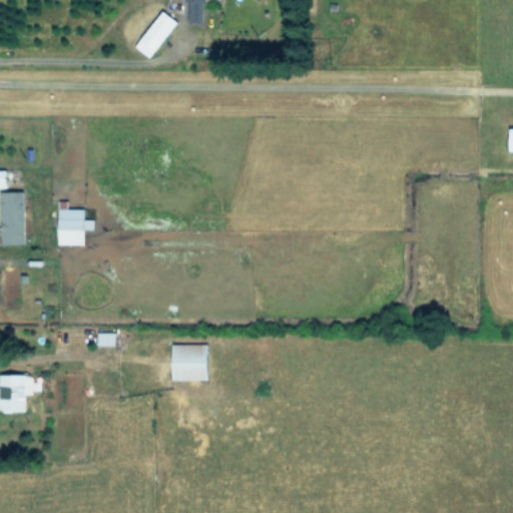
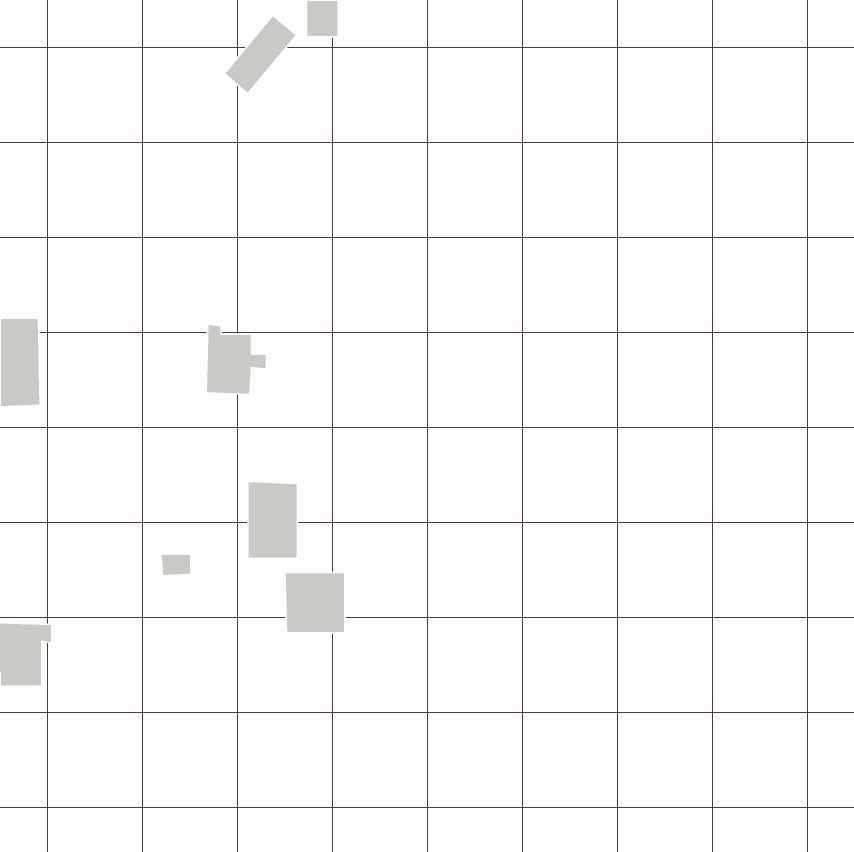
building: [57,203,93,245] -> [206,324,266,394]
building: none -> [248,481,298,558]

